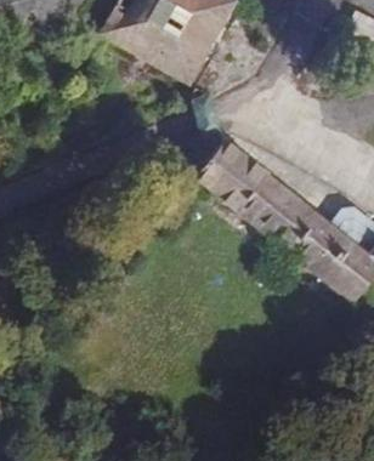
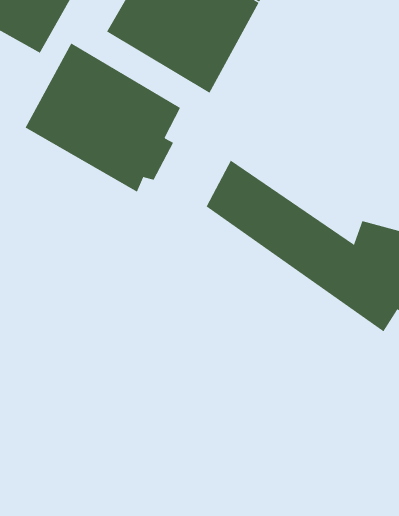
building: none -> [25,42,181,192]

